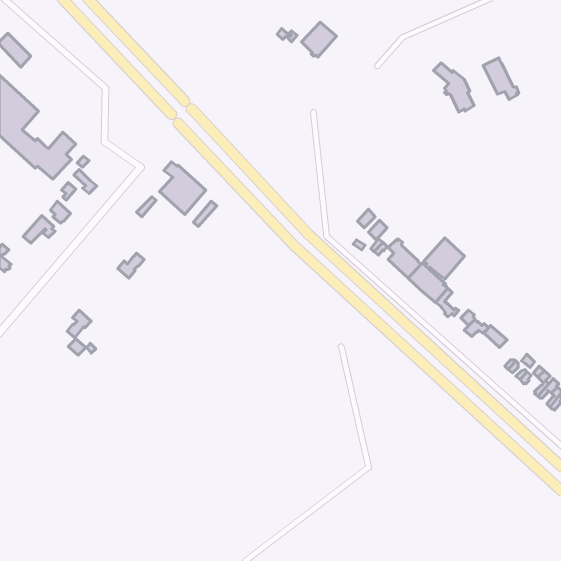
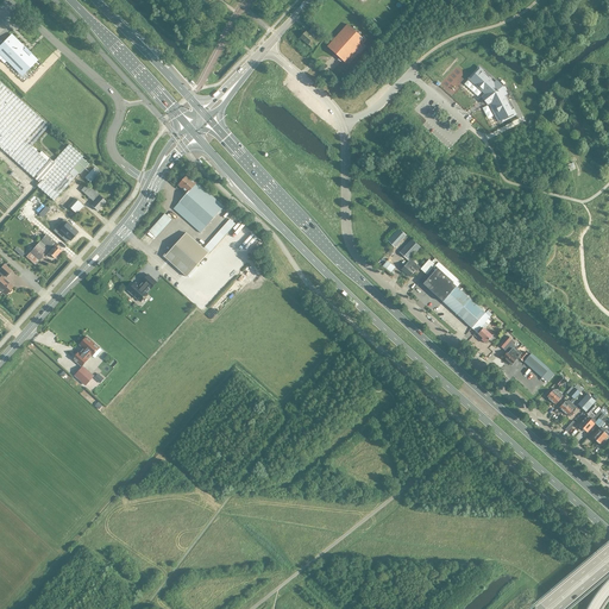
building: [483,58,519,99] -> none
building: none -> [163,232,207,276]
building: [424,238,465,279] -> none

